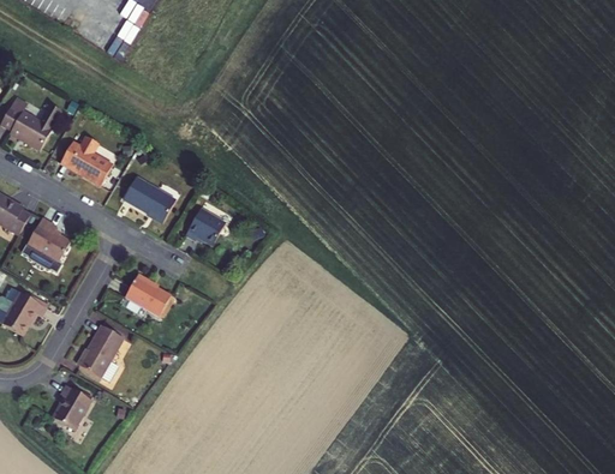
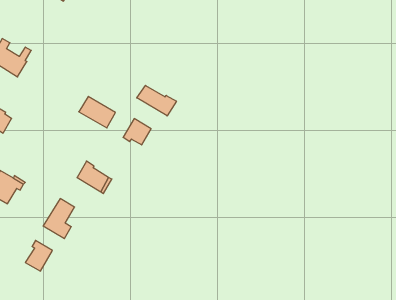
building: [61,138,114,188] -> none
building: none -> [137,85,176,116]
building: [23,214,71,268] -> none

